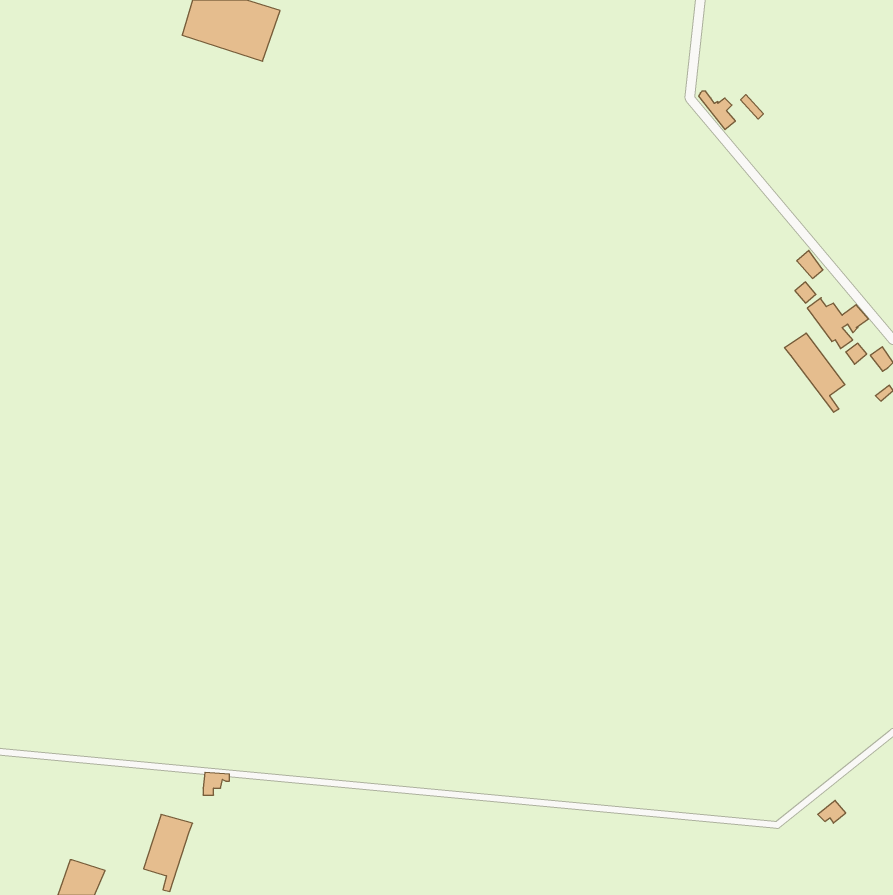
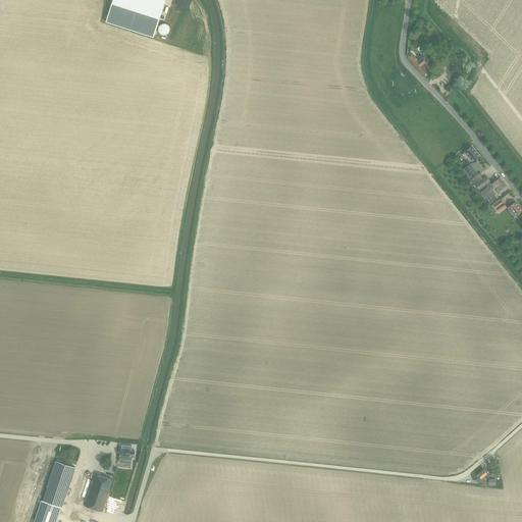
building: [785,333,845,412] -> none
building: none -> [42,461,74,507]

